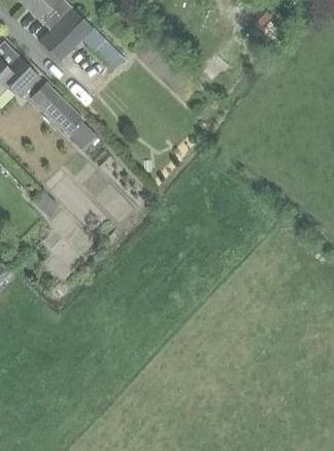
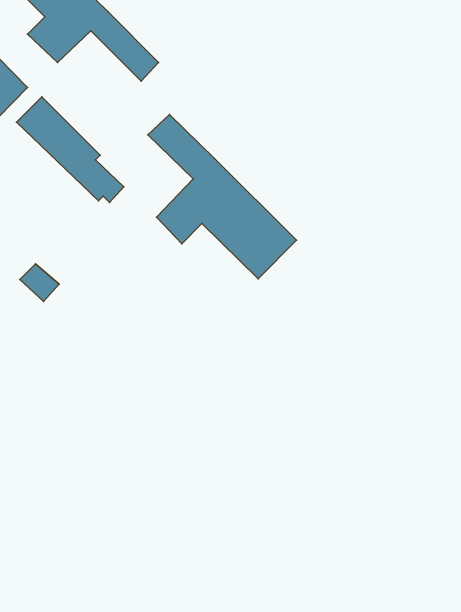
building: none -> [148,114,296,279]

